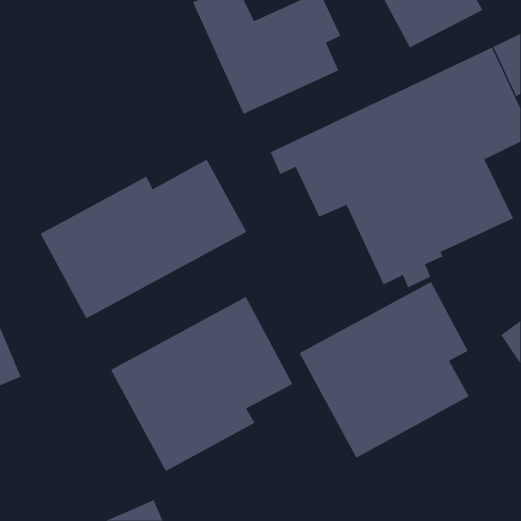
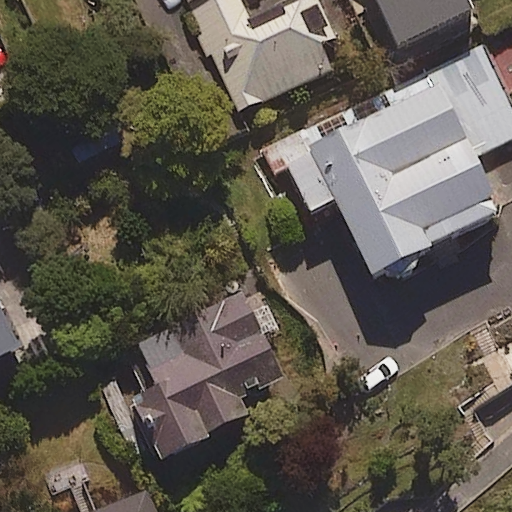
building: [40,159,247,319] -> none
building: [299,281,469,458] -> none

